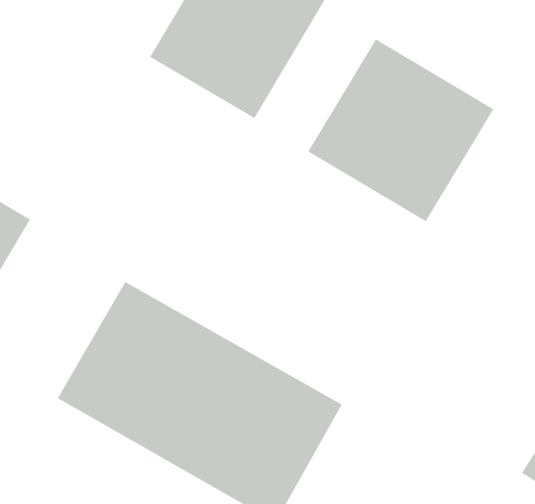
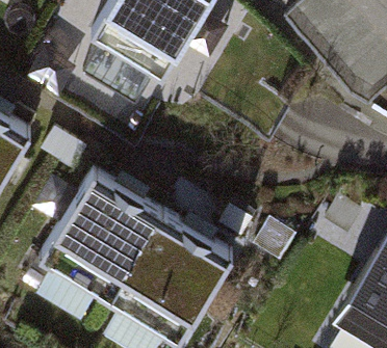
building: [307,38,494,222] -> none

